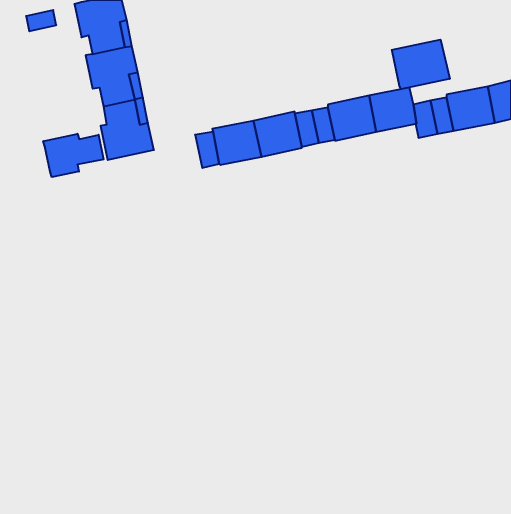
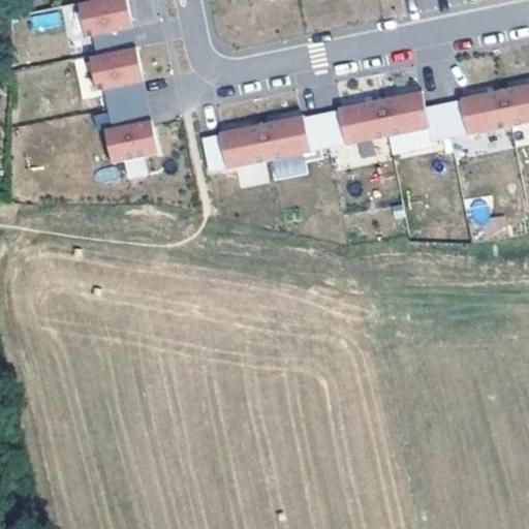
building: [392,40,450,89] -> none
building: [43,134,104,177] -> none

